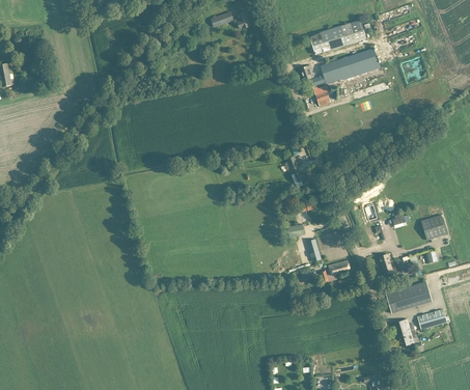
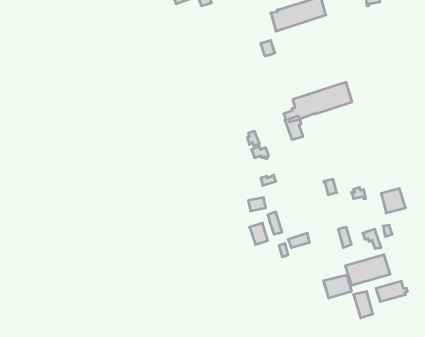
building: [311,47,381,105] -> [284,82,352,139]
building: none -> [324,275,351,298]

